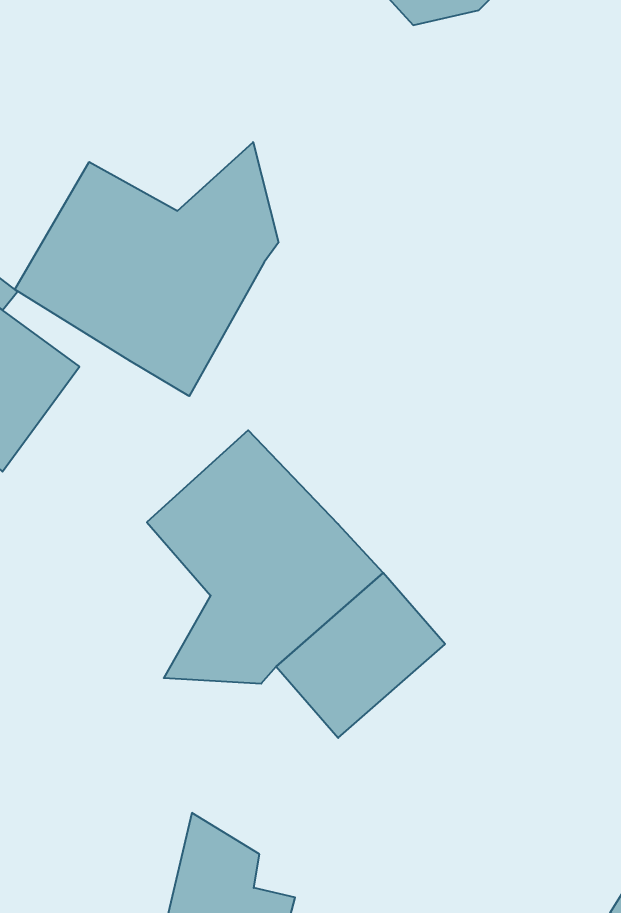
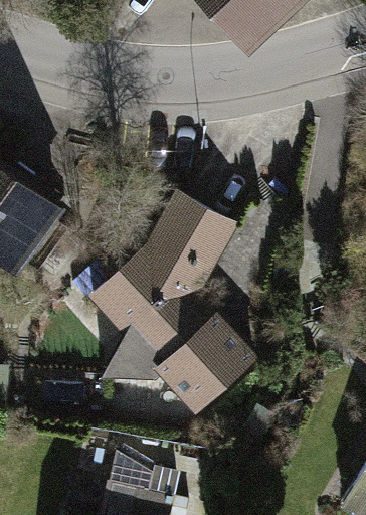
building: [15,142,279,396] -> none
building: none -> [148,193,234,295]

